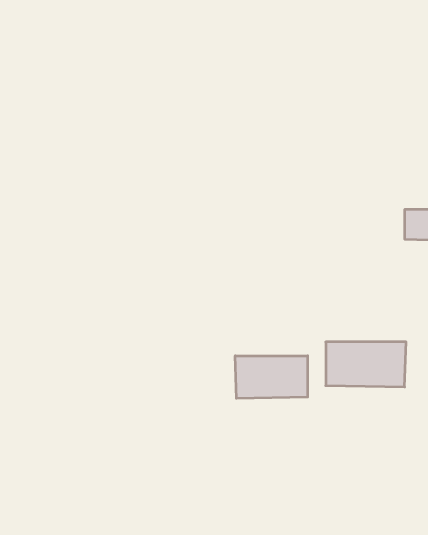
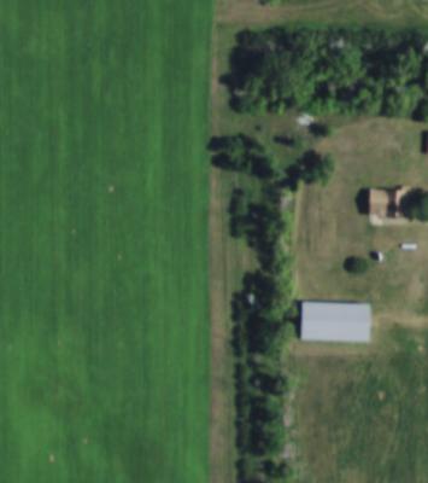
building: [235,356,308,398] -> none

